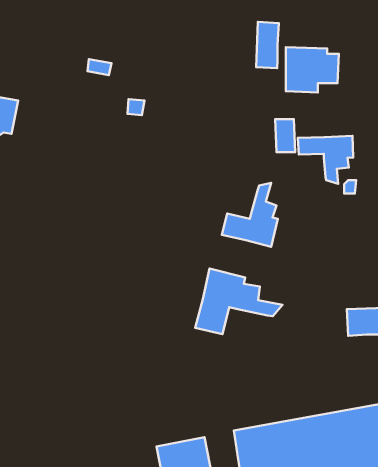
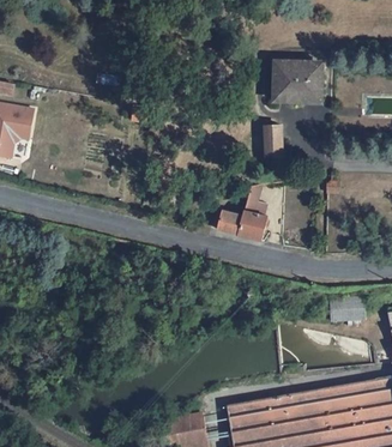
building: [256,22,279,68] -> none
building: [298,136,353,184] -> none
building: [195,269,283,334] -> none

